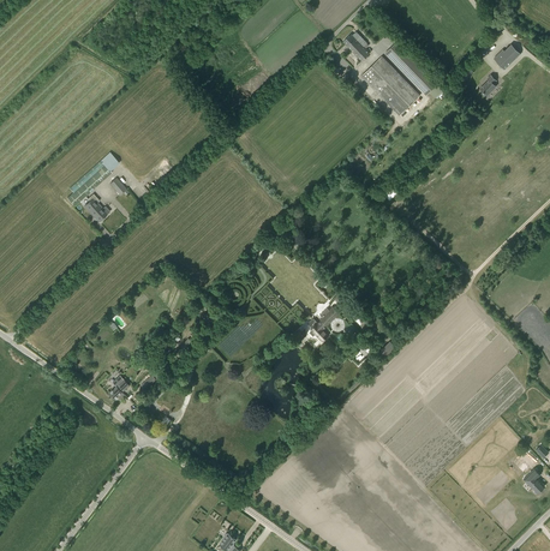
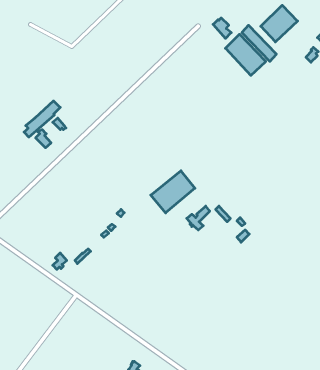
building: none -> [261,5,298,42]
building: none -> [151,171,195,213]

